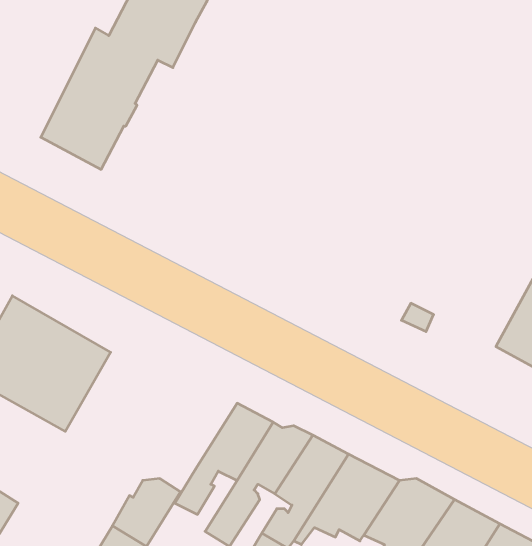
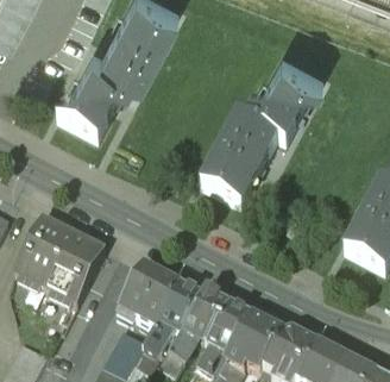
building: none -> [202,55,325,208]
building: none -> [120,267,184,330]

